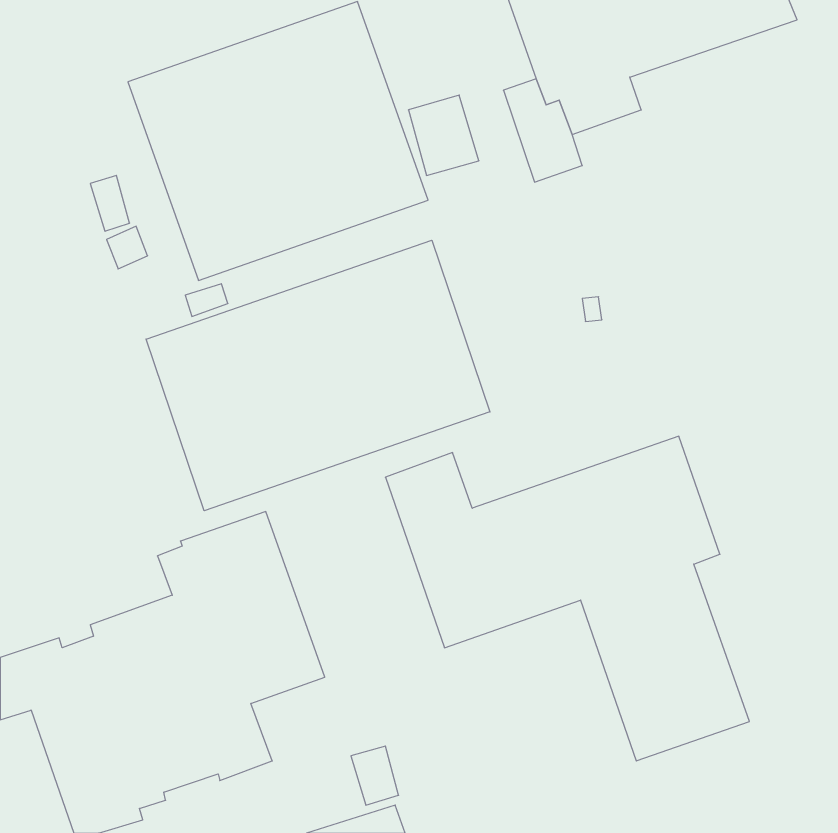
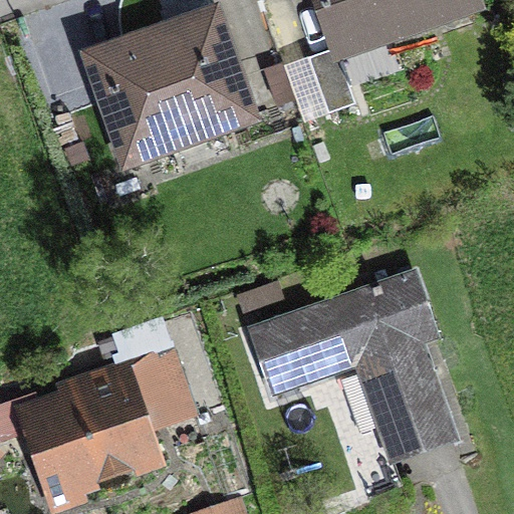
building: [146,240,490,511] -> none

